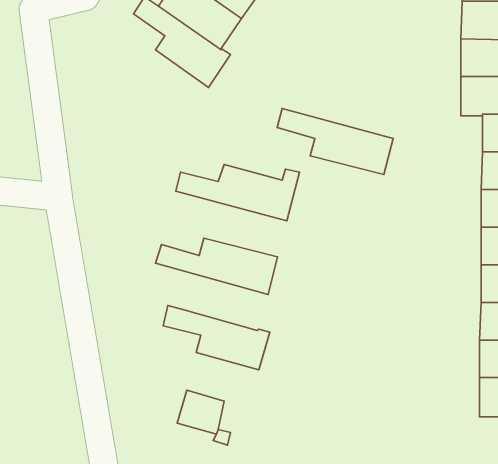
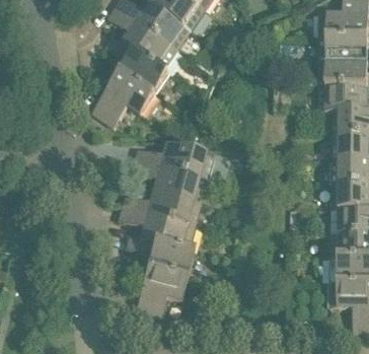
building: none -> [92,67,155,124]
building: [277,109,393,175] -> [131,158,206,201]
building: none -> [118,205,194,249]
building: none -> [141,263,188,298]

